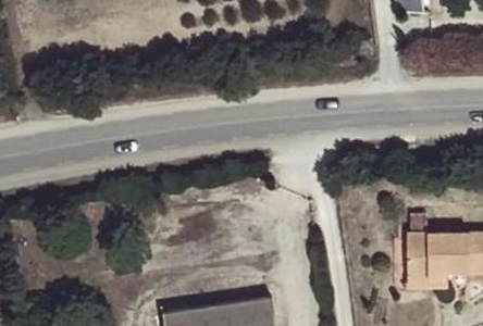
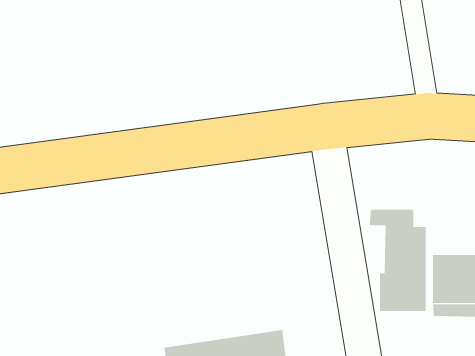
building: none -> [369,209,426,312]

